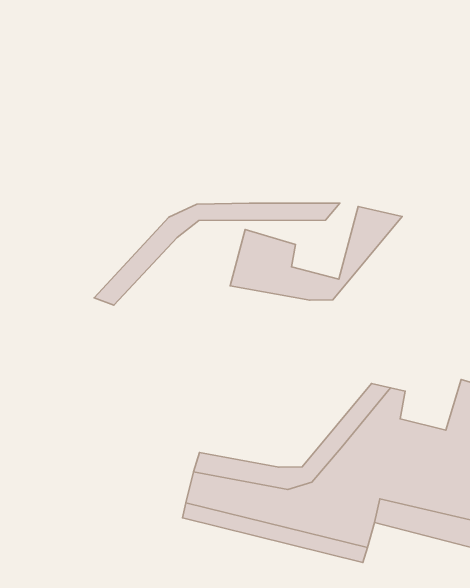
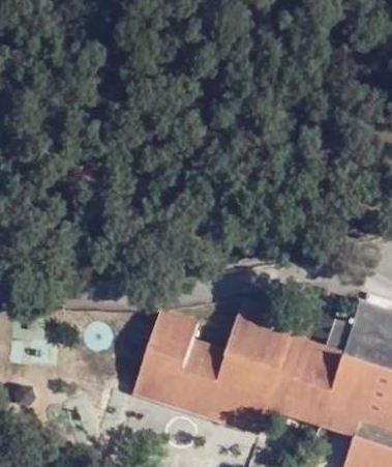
building: [94,203,340,305] -> none
building: [230,207,402,300] -> [152,299,278,364]

